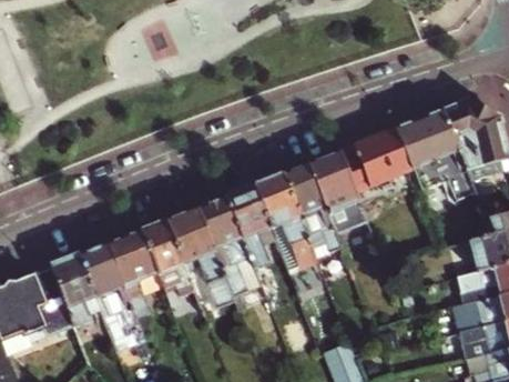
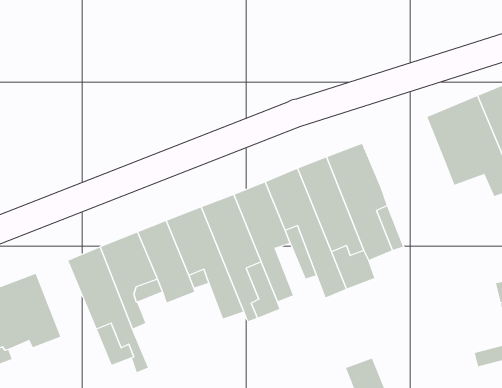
building: [338,128,411,191] -> none
building: [49,255,99,326] -> none

